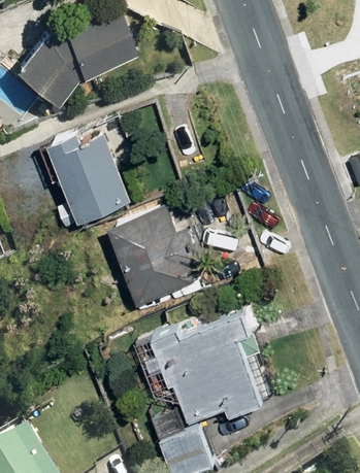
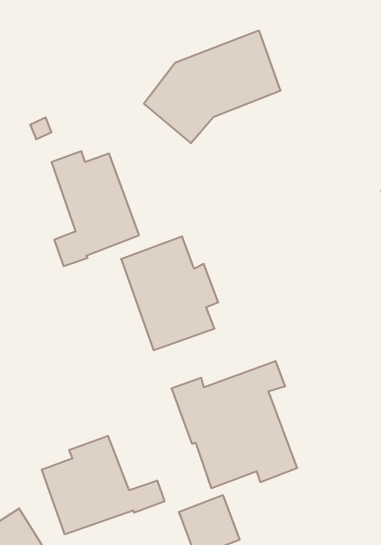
building: [15,7,133,104] -> [144,31,281,143]
building: none -> [42,436,165,534]

